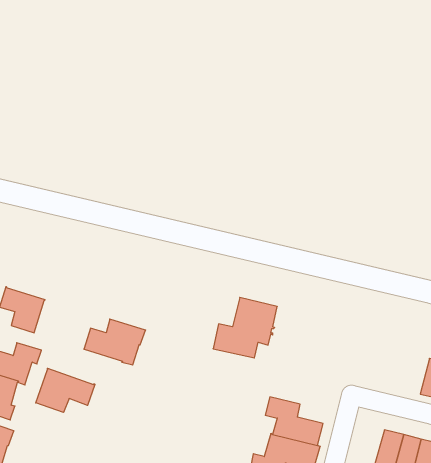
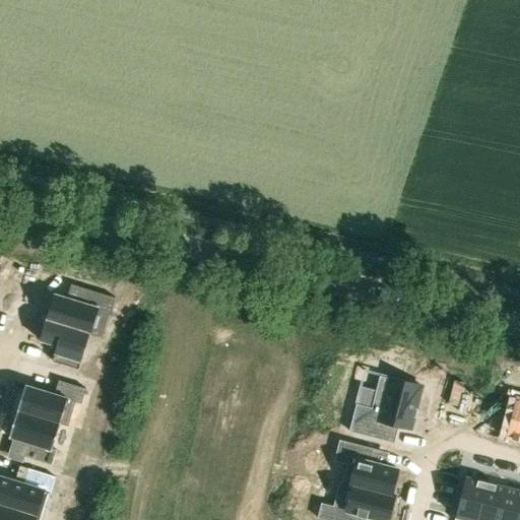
building: [213,297,277,358] -> [349,376,420,443]
building: [84,319,146,365] -> [48,285,116,336]
building: [36,368,95,412] -> none

